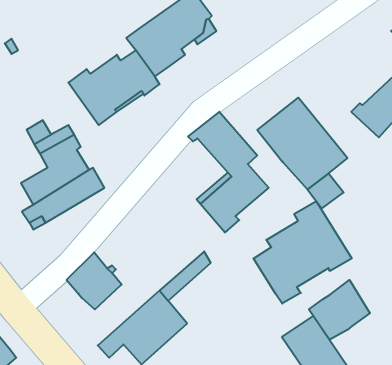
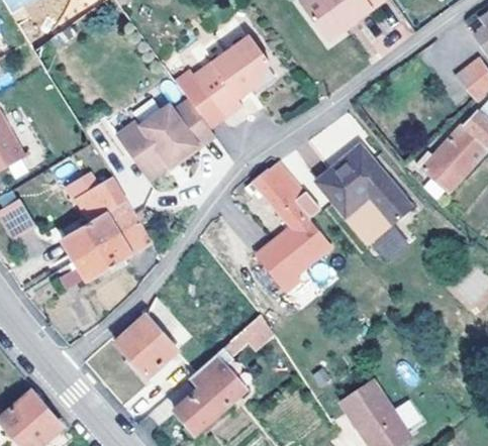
building: [254,201,352,304] -> none
building: [309,280,370,340] -> none

